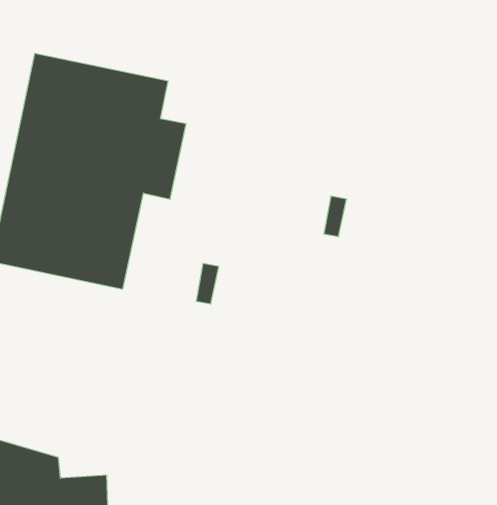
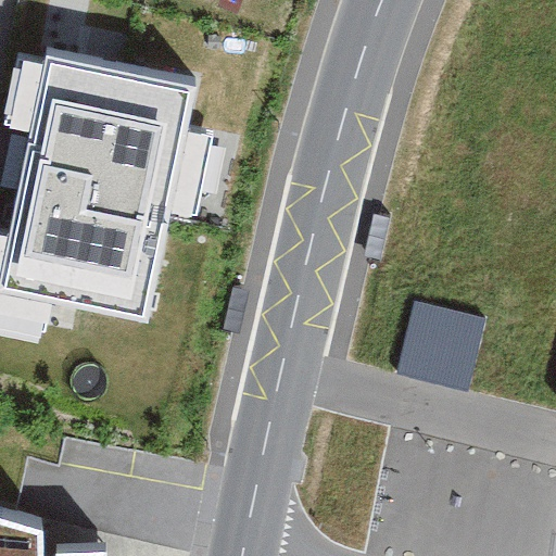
building: none -> [390,294,482,383]

